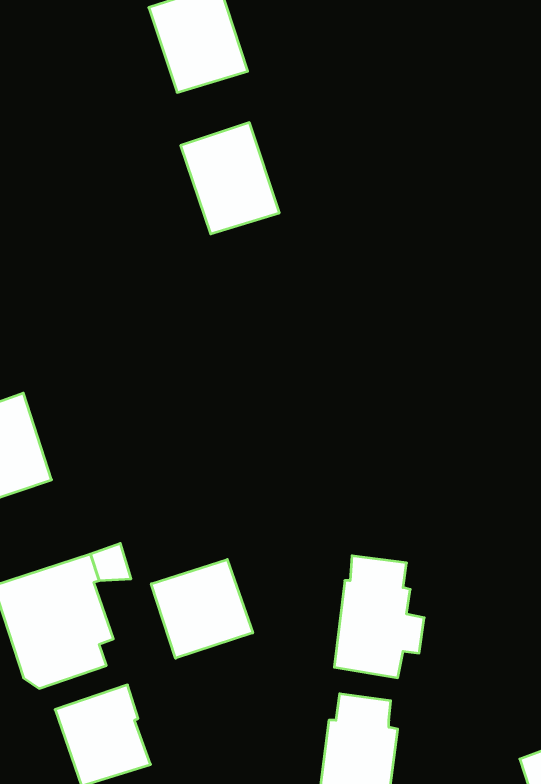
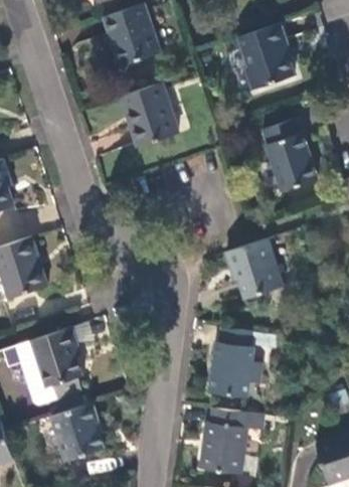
building: none -> [238,23,296,91]
building: none -> [261,119,318,191]
building: none -> [223,238,283,300]
building: [151,559,253,658] -> none

